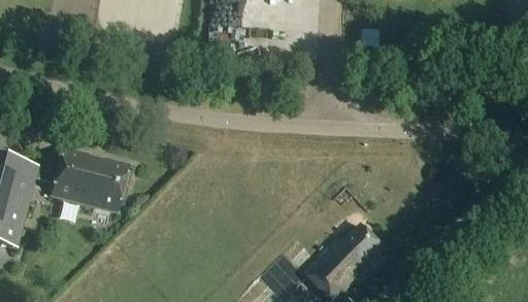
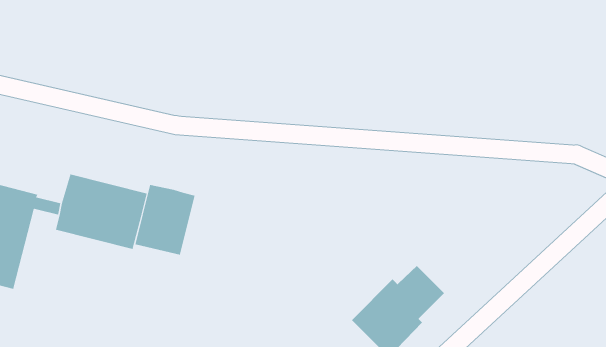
building: none -> [135,184,195,256]

